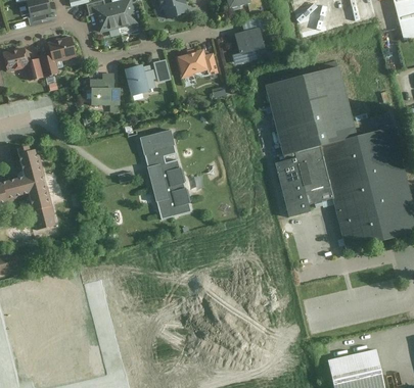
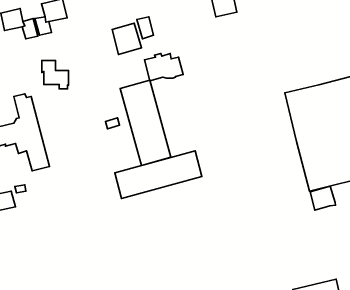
building: [176,49,219,80] -> [144,53,183,81]
building: [264,61,357,216] -> none
building: [91,81,121,112] -> [42,61,68,89]
building: none -> [115,151,202,198]
building: none -> [310,186,336,210]

